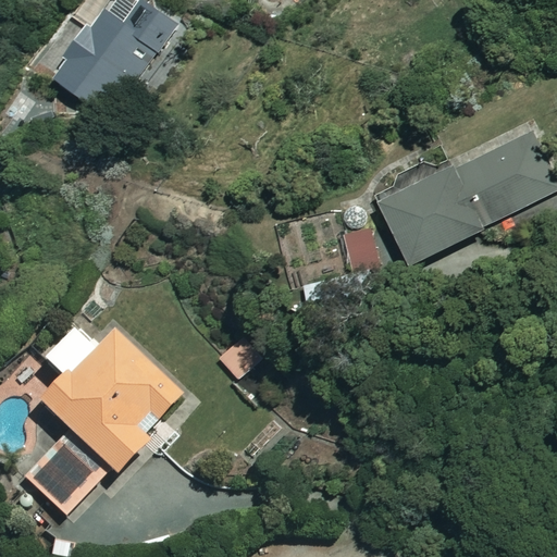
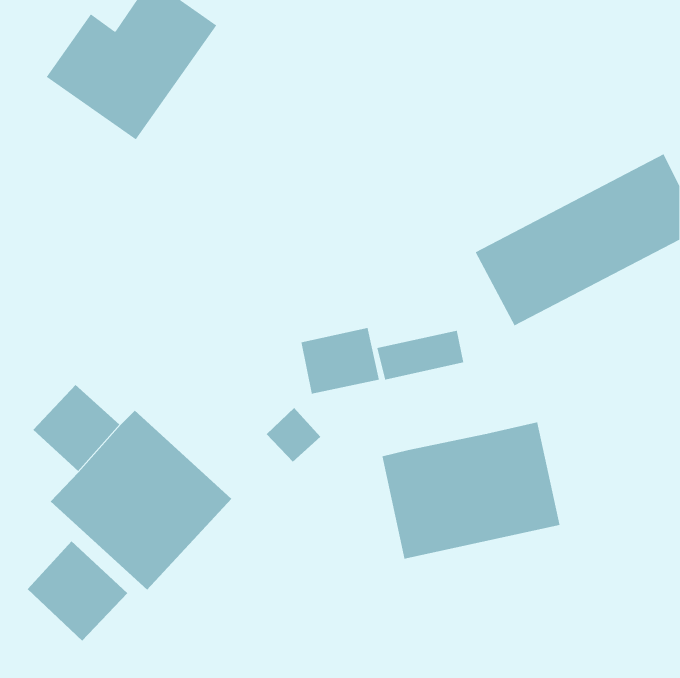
building: none -> [301,327,379,394]
building: none -> [382,422,560,560]

